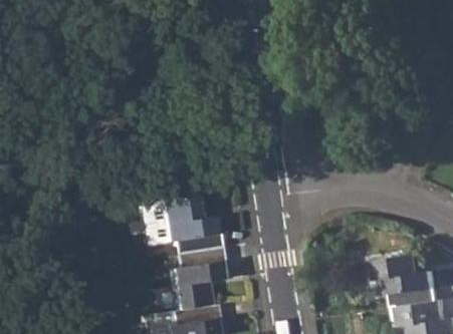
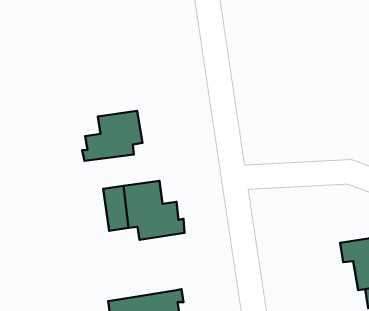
building: none -> [82,111,143,161]
building: [173,255,227,318] -> none

